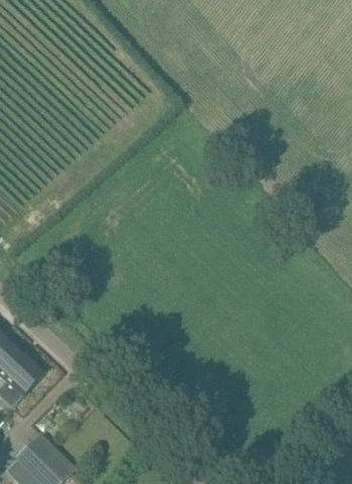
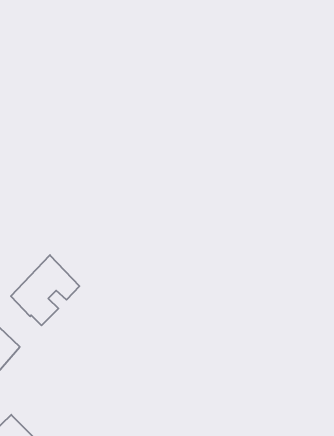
building: none -> [11,255,79,325]

